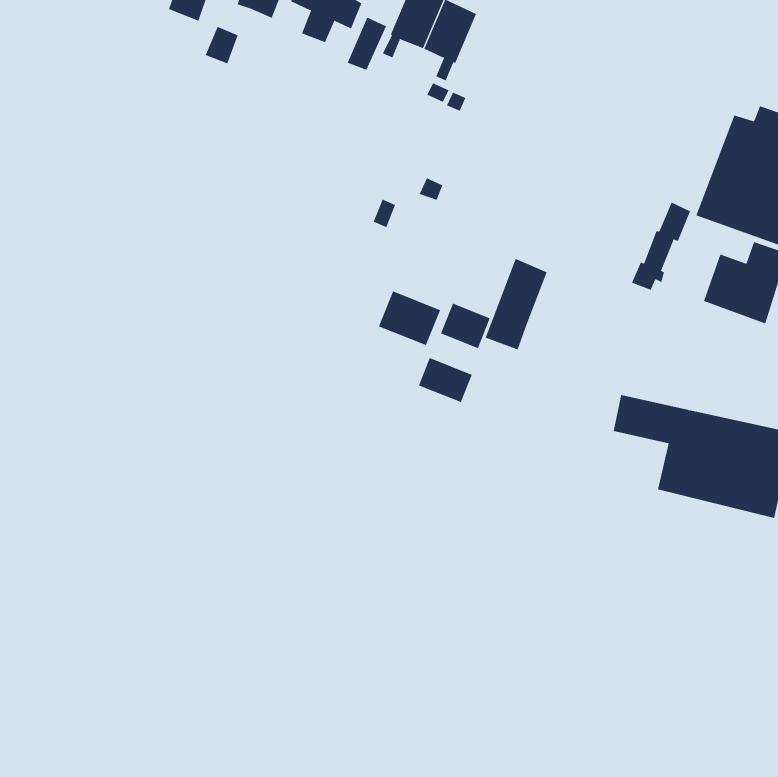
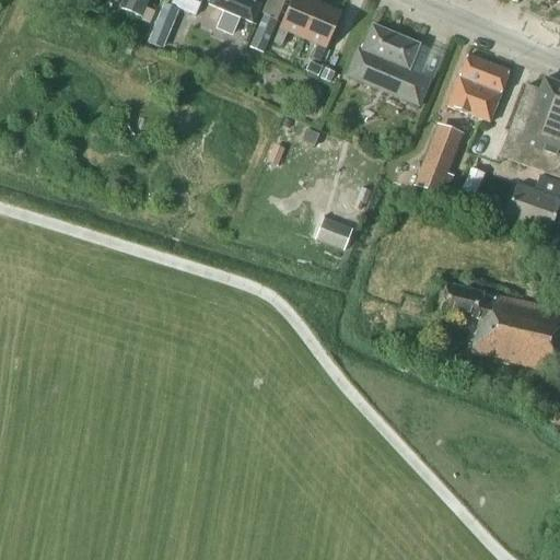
building: none -> [348,23,430,104]
building: none -> [448,52,511,120]
building: [485,258,547,350] -> [417,126,462,191]
building: [378,290,441,346] -> none
building: [418,357,473,403] -> none

